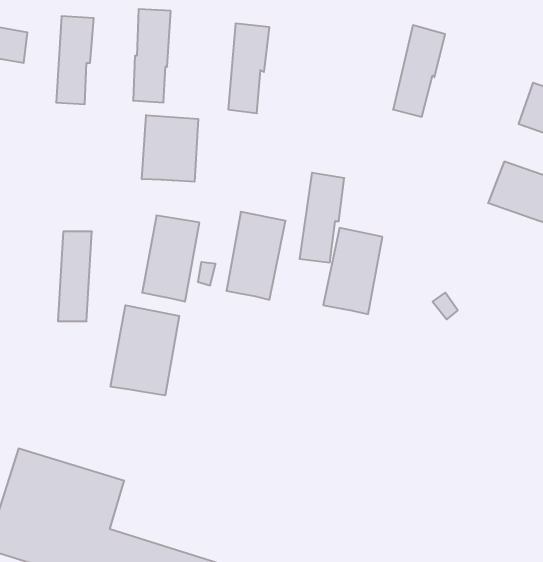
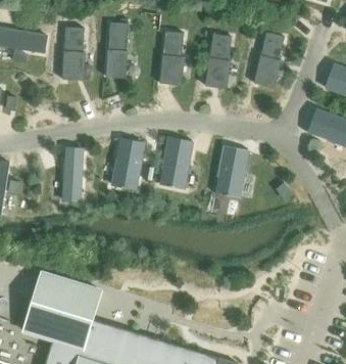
building: [142,115,198,182] -> none
building: [299,173,344,262] -> [205,34,231,85]
building: [111,305,179,395] -> none

